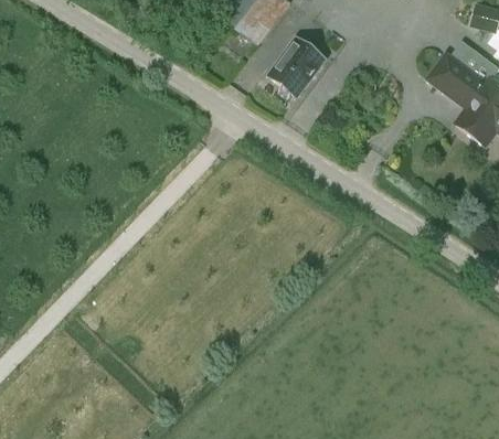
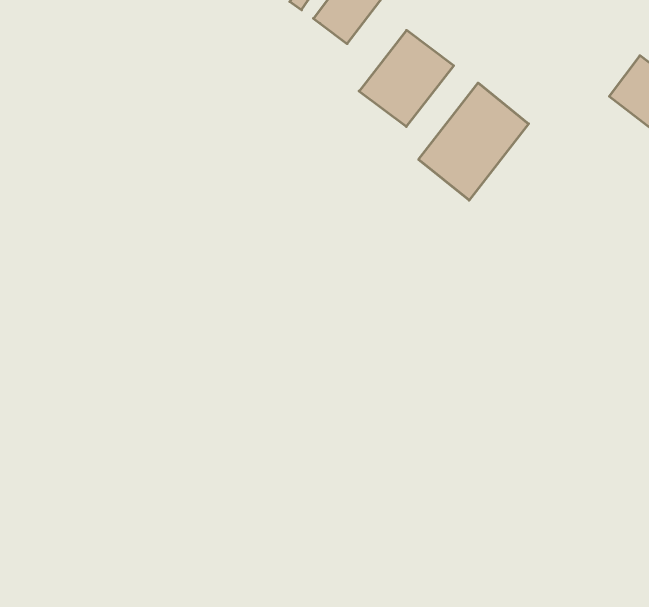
building: none -> [419,83,529,200]

